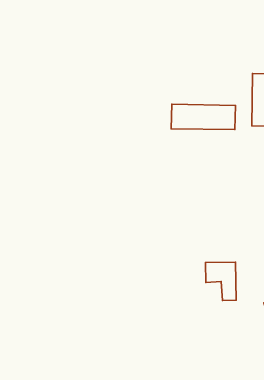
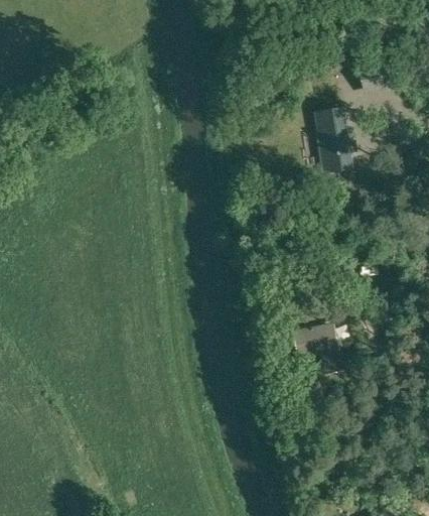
building: [171,104,235,129] -> none

